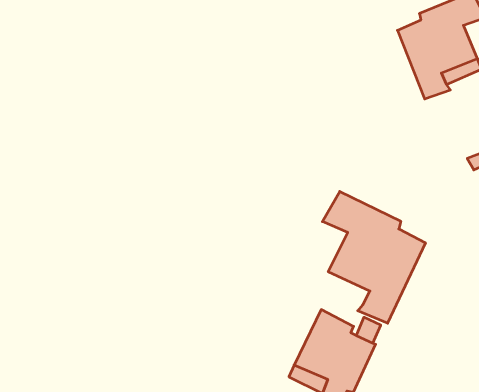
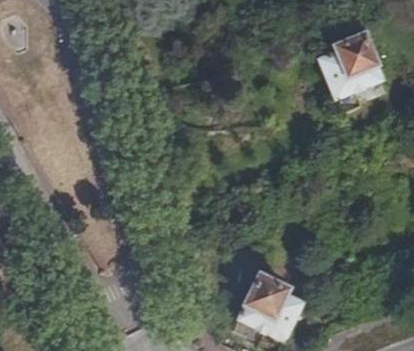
building: [322,191,425,323] -> none

